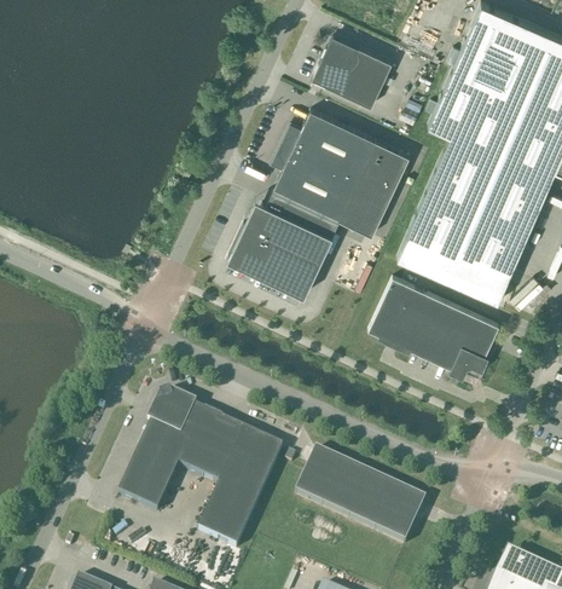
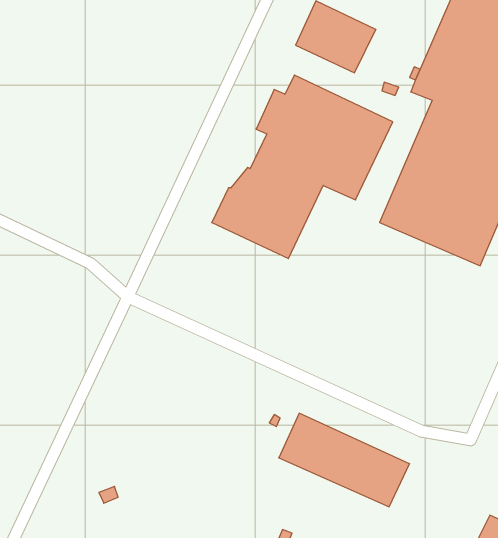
building: [369,276,499,377] -> none
building: [118,393,284,549] -> none

